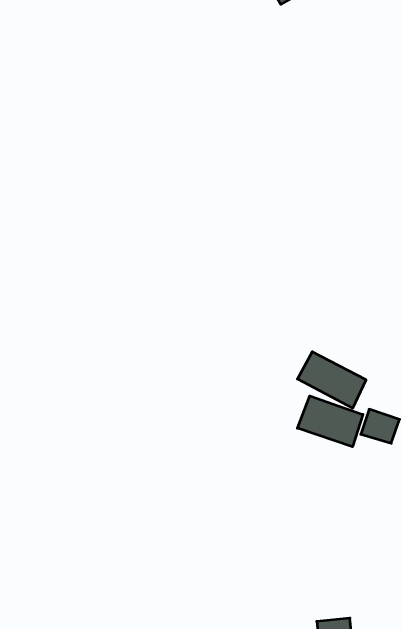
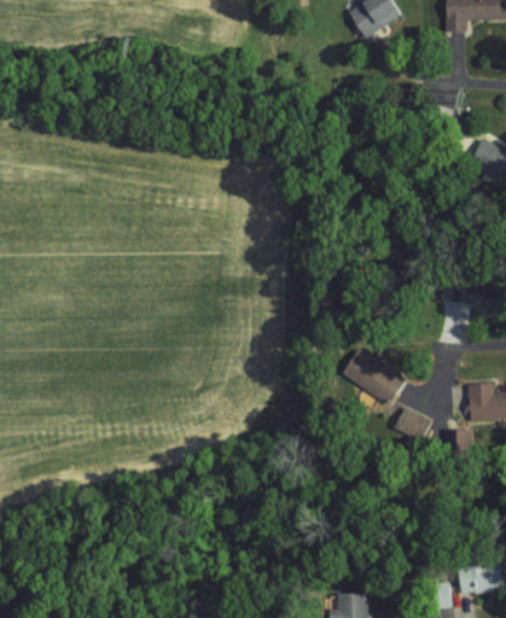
building: [297,396,363,447] -> none

